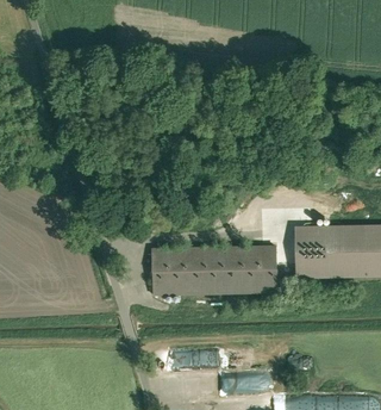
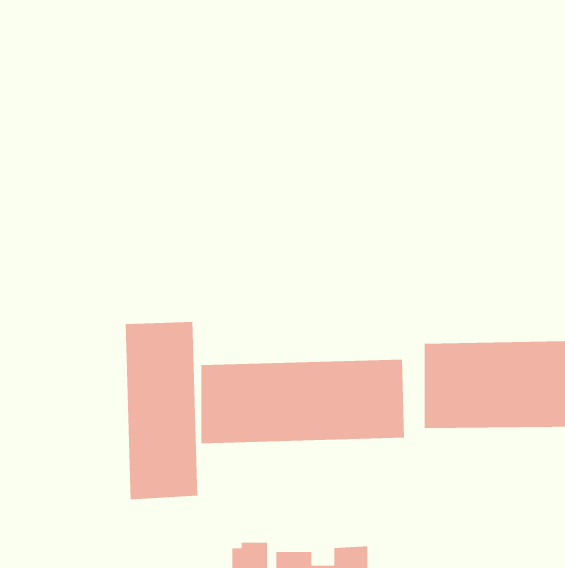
building: none -> [125,321,198,500]

